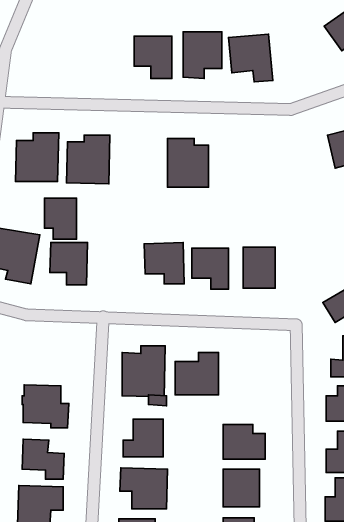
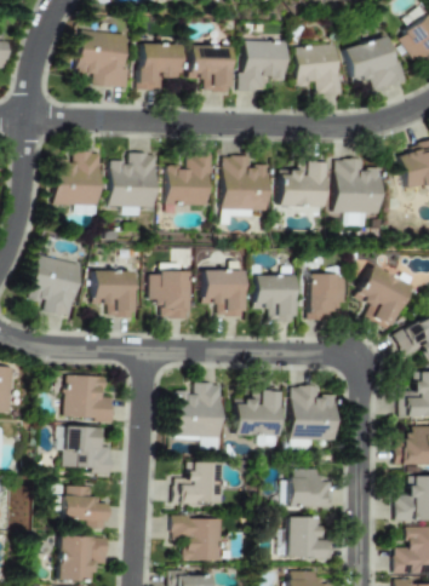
building: none -> [79,30,131,87]
building: none -> [338,36,405,90]
building: none -> [136,45,177,90]
building: none -> [166,156,211,207]
building: none -> [333,160,382,216]
building: none -> [278,162,324,207]
building: [44,198,77,239] -> [149,272,184,317]
building: none -> [353,269,408,329]
building: none -> [67,375,116,420]
building: none -> [290,387,336,441]

